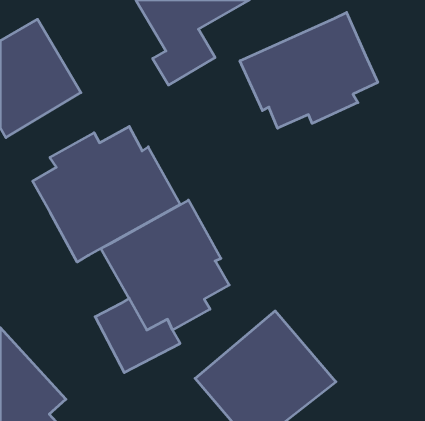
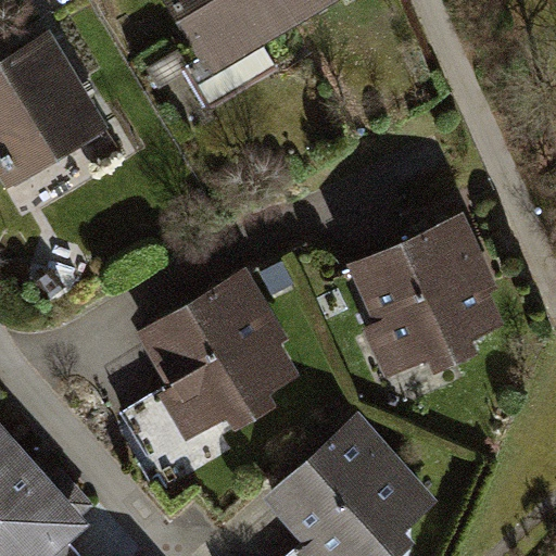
building: [240,12,378,128] -> none
building: [33,126,180,262] -> none
building: none -> [349,211,500,377]

